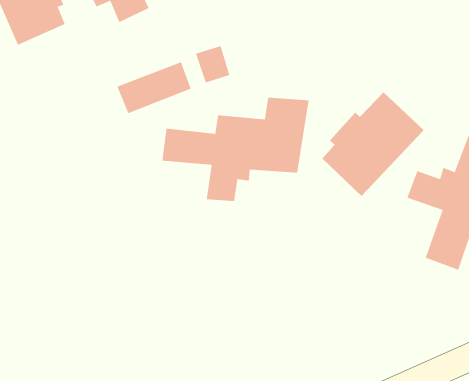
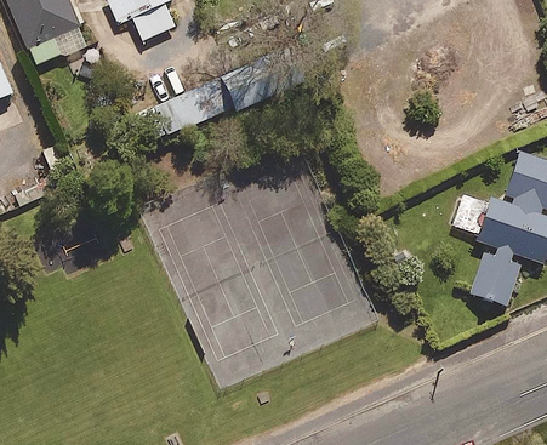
building: [322,91,424,197] -> none
building: [162,97,309,202] -> none

